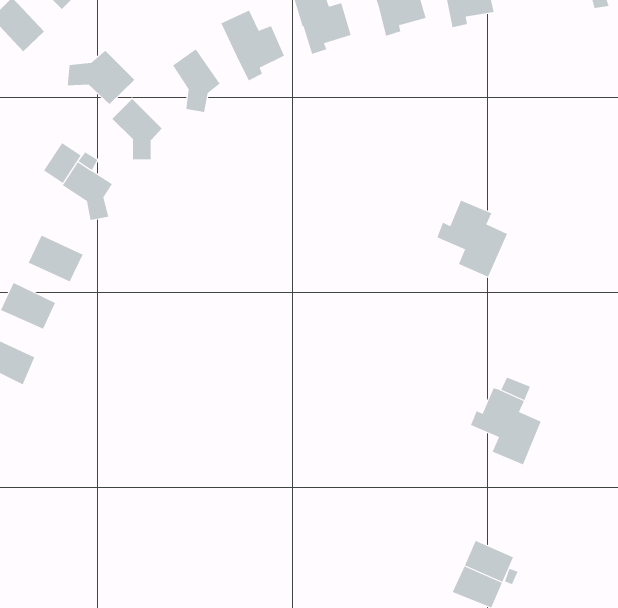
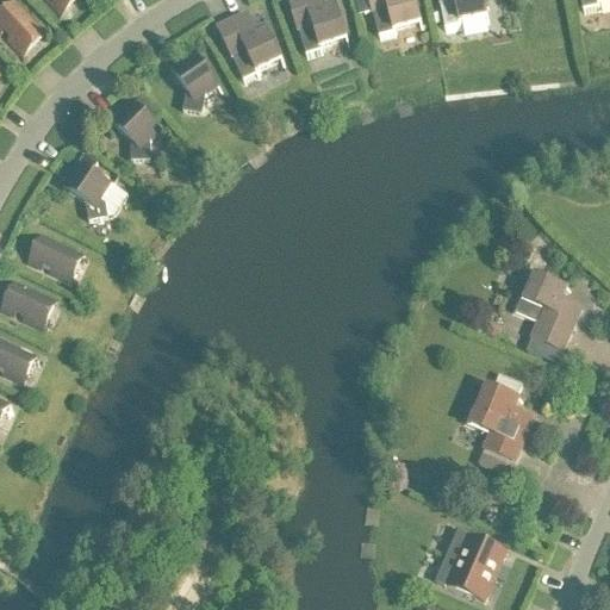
building: [67,50,135,105] -> none
building: [43,142,81,184] -> none
building: [436,200,508,277] -> [510,270,580,347]

